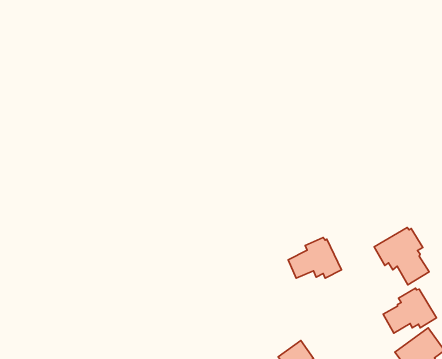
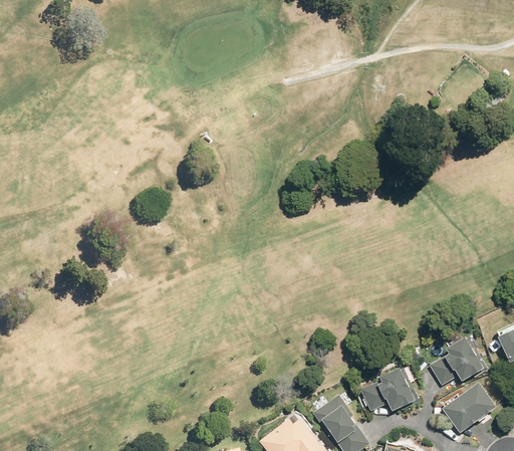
building: [374,227,429,285] -> none
building: [288,237,341,278] -> [361,366,421,411]

